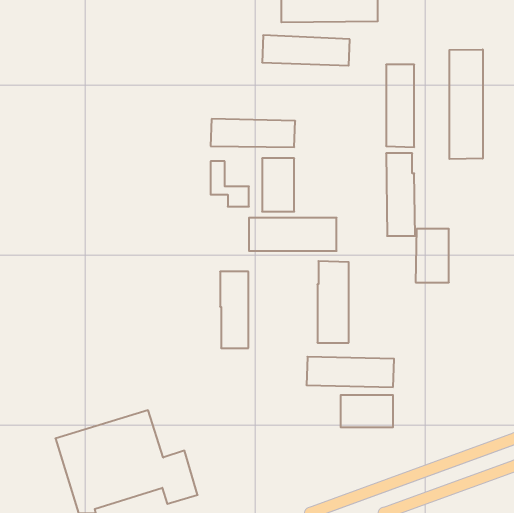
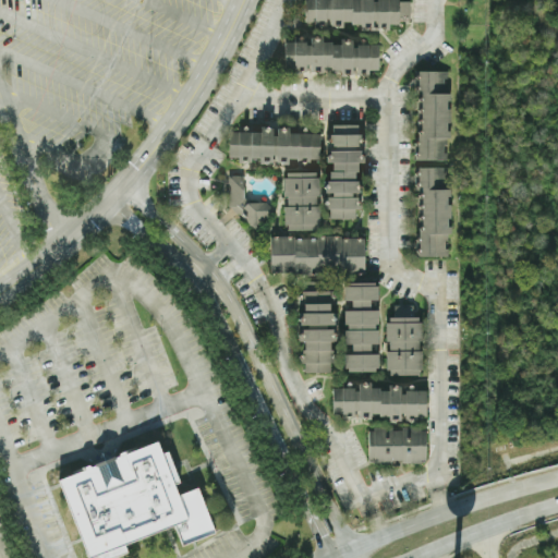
building: [449,49,483,159] -> none
building: none -> [329,123,361,218]
building: [416,229,449,282] -> [386,316,422,374]
building: [220,272,248,348] -> [303,289,333,372]

